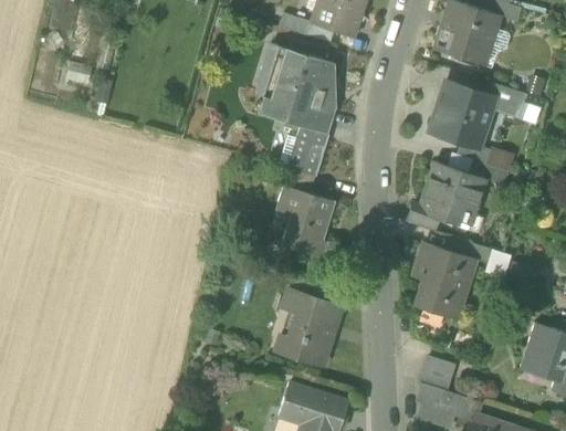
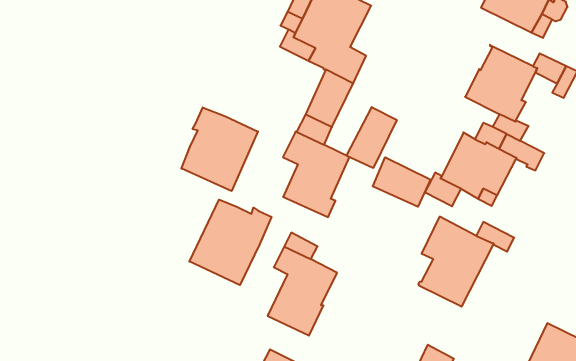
building: none -> [346,107,397,168]
building: none -> [181,107,258,191]
building: none -> [373,157,431,207]
building: none -> [189,200,272,285]

